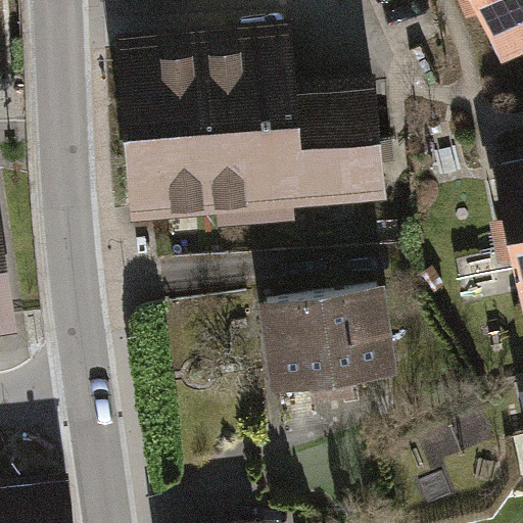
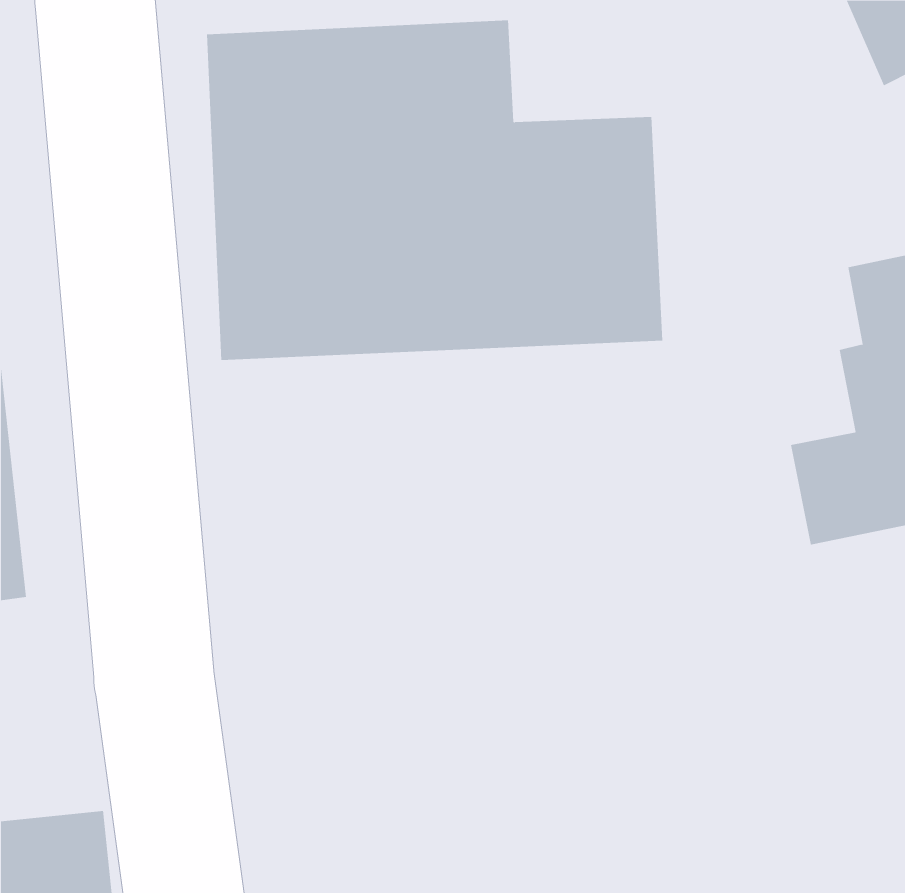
building: [259,281,395,409] -> none

